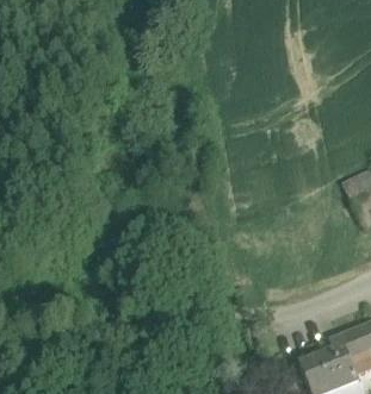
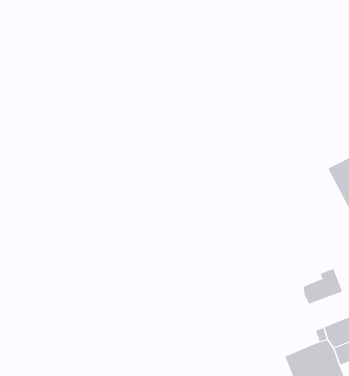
building: none -> [303,268,343,305]

